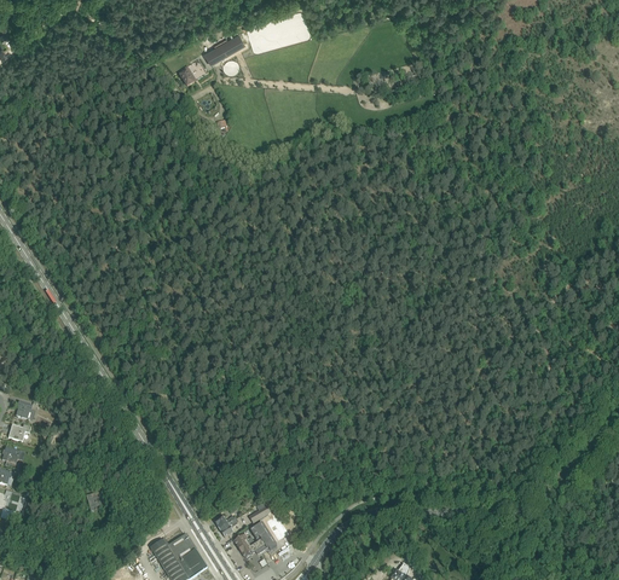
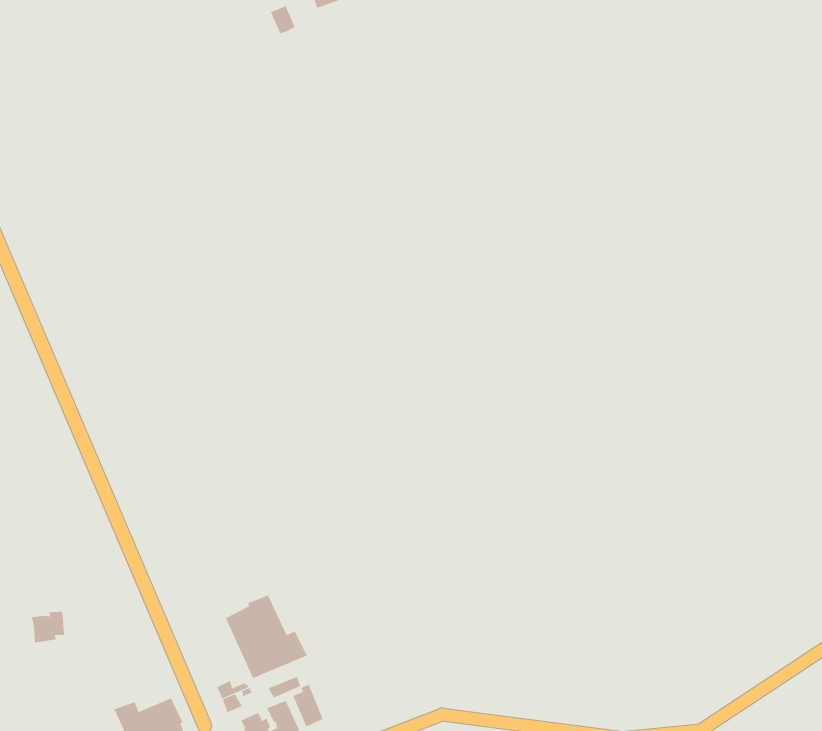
building: none -> [225,594,308,679]

